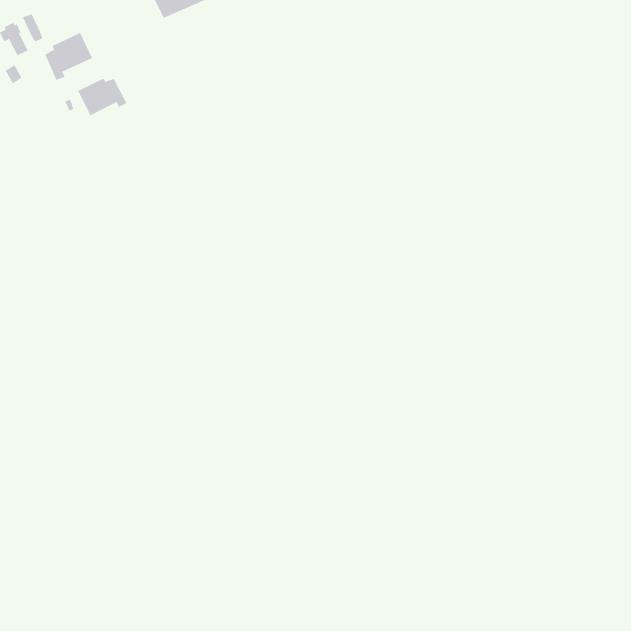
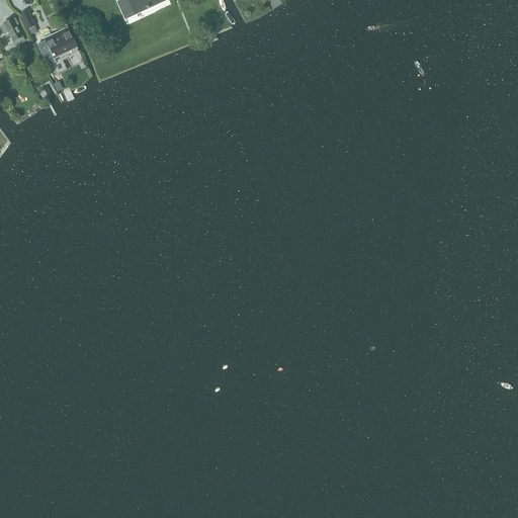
building: [78,78,127,116] -> none

